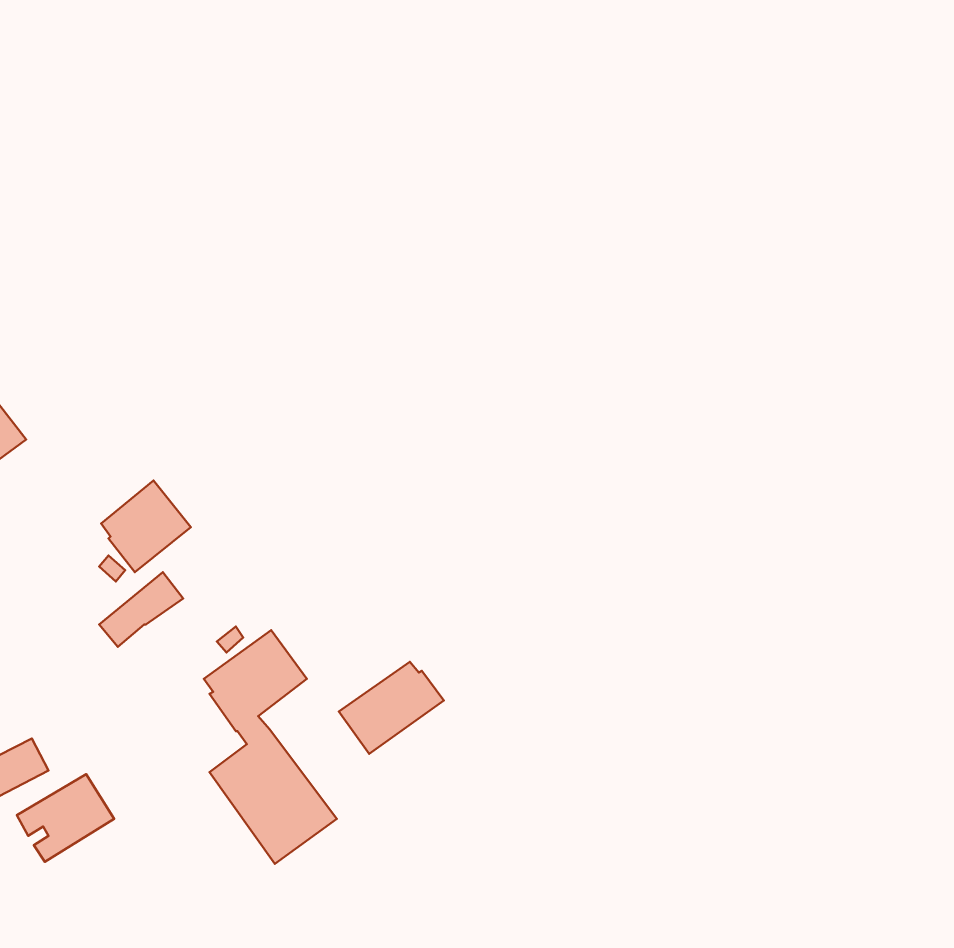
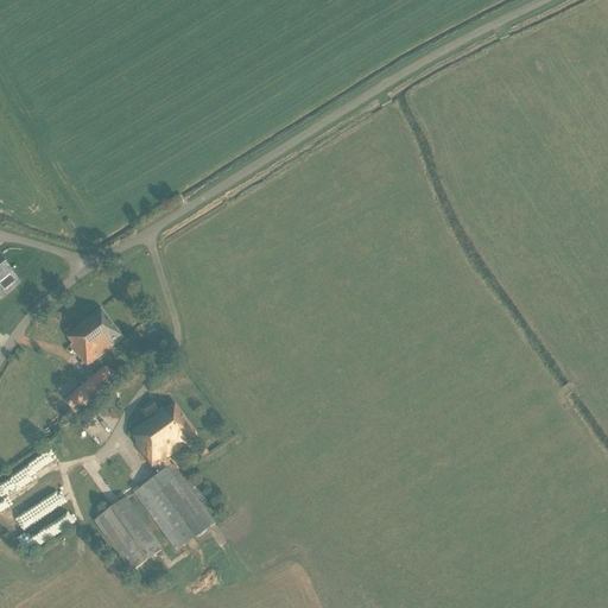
building: [339,662,444,754] -> none
building: none -> [94,496,162,569]

